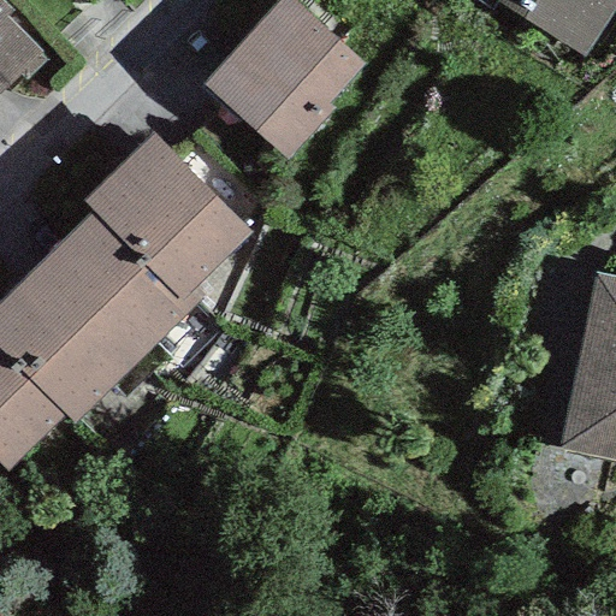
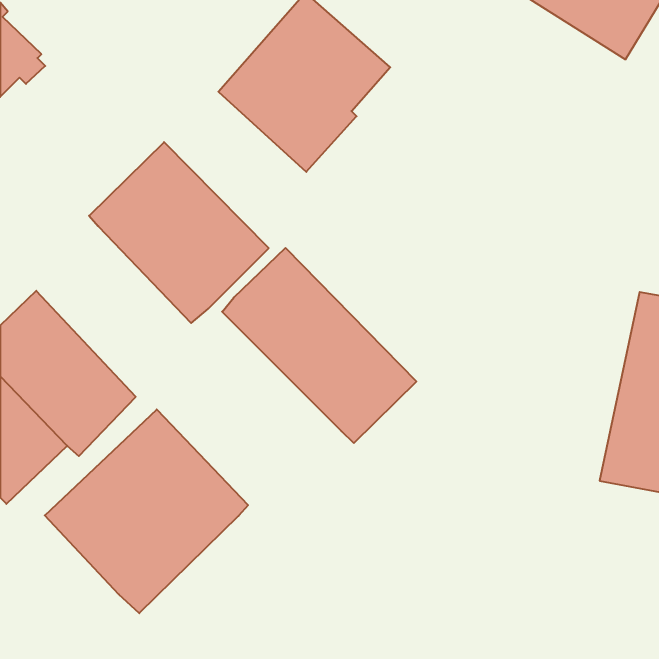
building: [35,211,205,369] -> none
building: none -> [222,248,416,443]
building: none -> [45,409,248,613]

